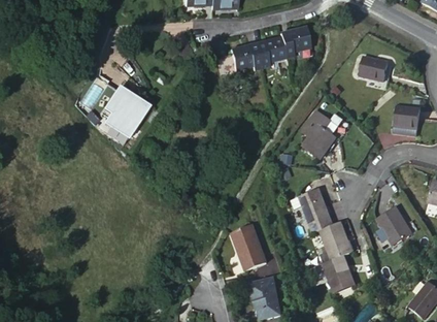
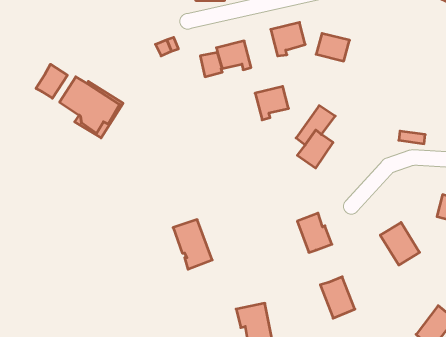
building: [256,38,285,68] -> [255,86,289,120]
building: [359,56,389,81] -> [316,33,350,61]
building: none -> [36,64,67,98]
building: [395,105,421,128] -> none
building: [320,223,350,260] -> none
building: [232,226,267,270] -> [173,220,212,269]

